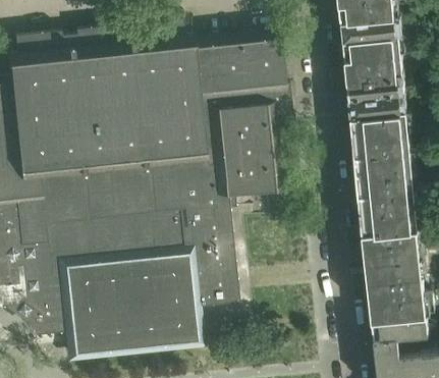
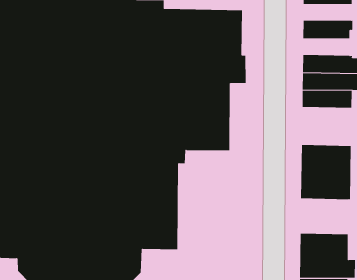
building: [339,15,394,39] -> none
building: [343,53,399,76] -> none
building: [351,128,410,174] -> none
building: [362,228,419,271] -> none

